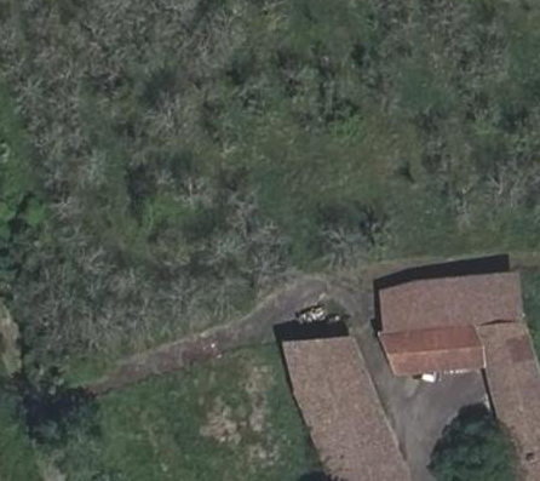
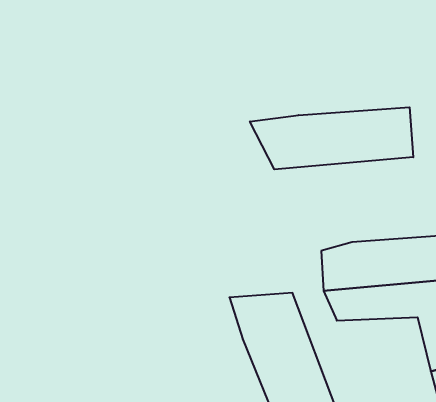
building: none -> [250,107,413,169]

